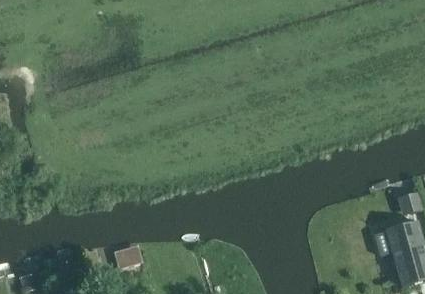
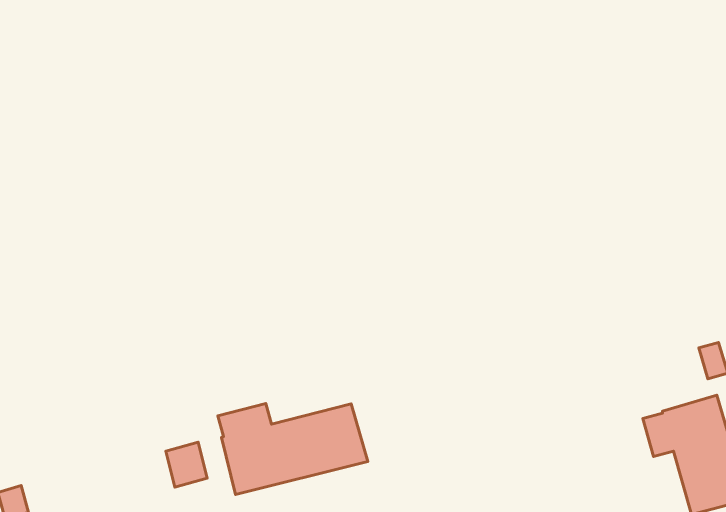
building: none -> [218,404,368,494]

